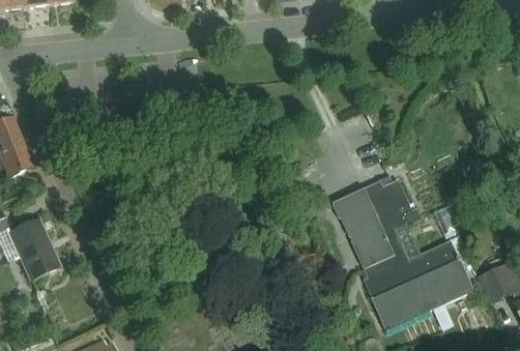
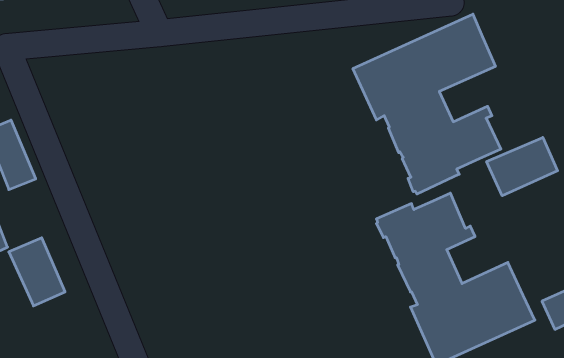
building: none -> [353,14,501,194]
building: none -> [487,137,558,196]

